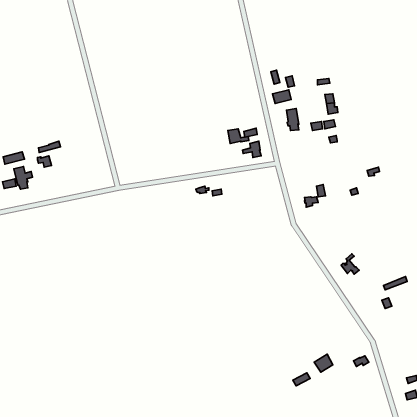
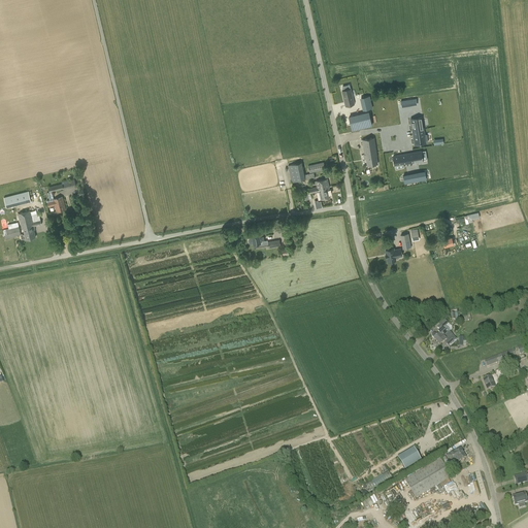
building: none -> [404,459,452,499]

